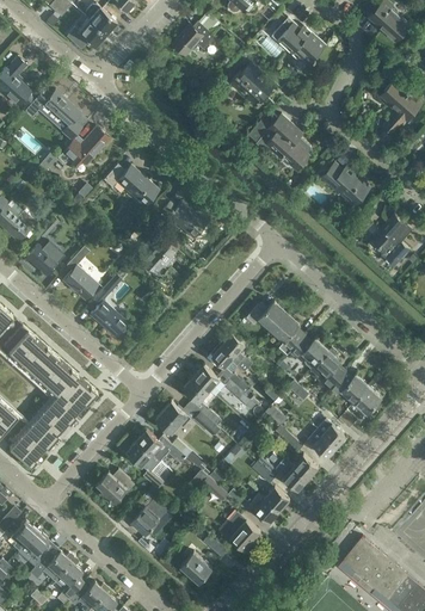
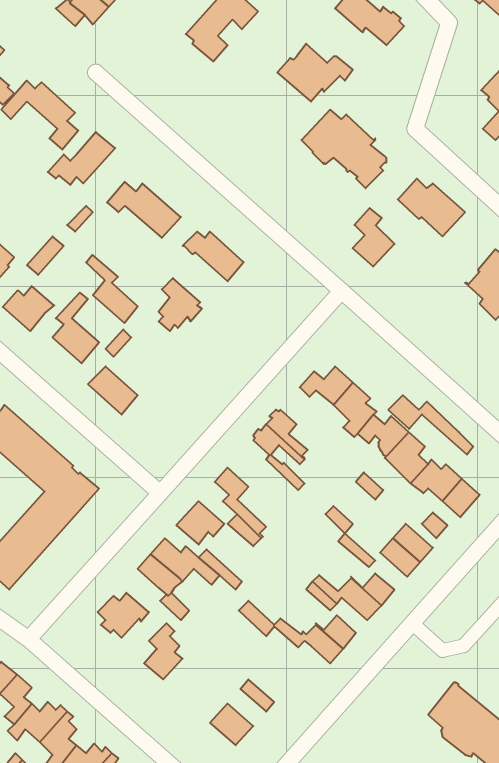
building: none -> [353,208,395,267]
building: none -> [86,255,138,323]
building: [193,366,257,411] -> [388,395,473,455]
building: [220,512,260,550] -> none

